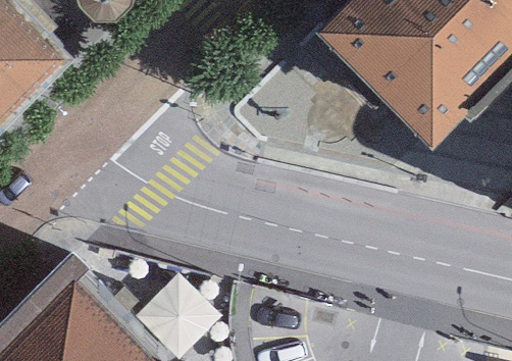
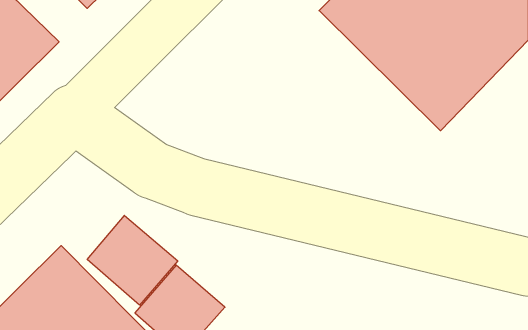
building: none -> [87,215,178,305]

